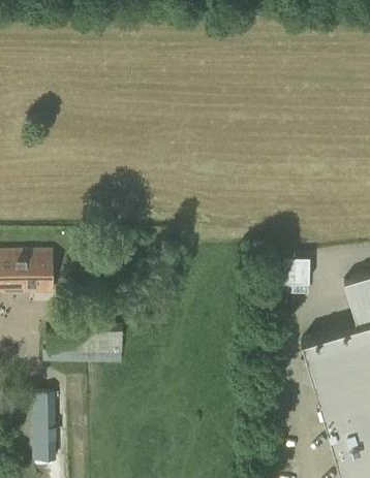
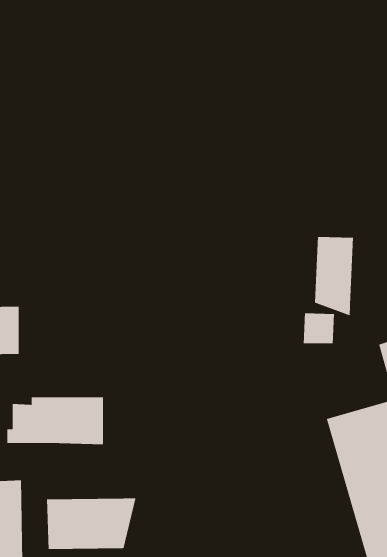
building: none -> [312,236,354,316]
building: none -> [46,498,137,552]

